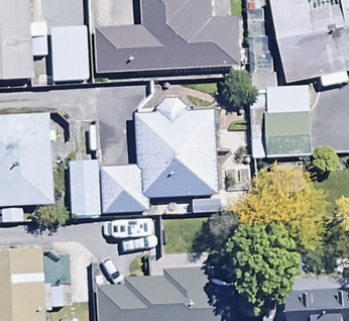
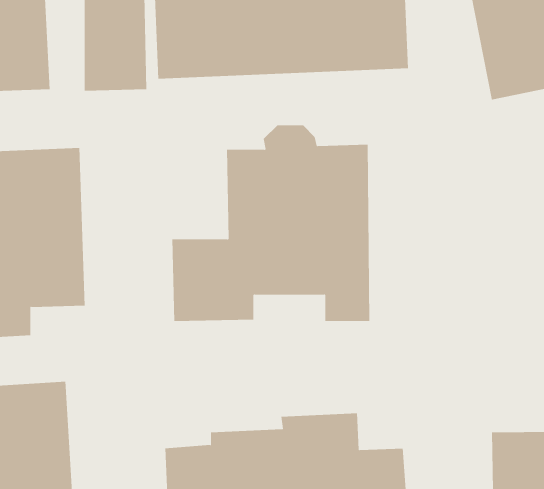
building: [265,86,310,154] -> none
building: [70,151,101,214] -> none

